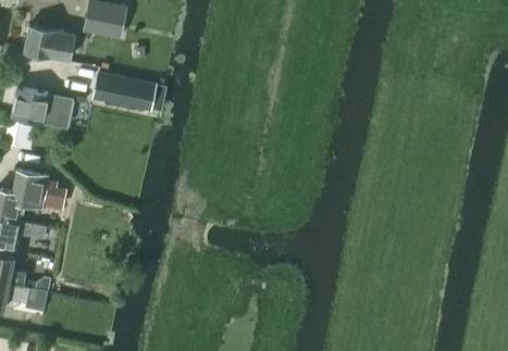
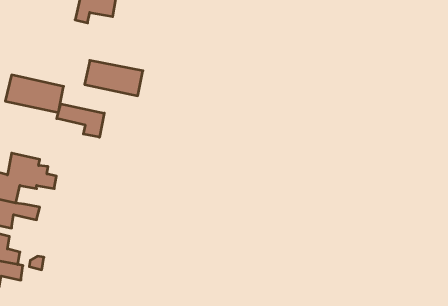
building: [24,25,74,60] -> none
building: none -> [57,104,104,137]

